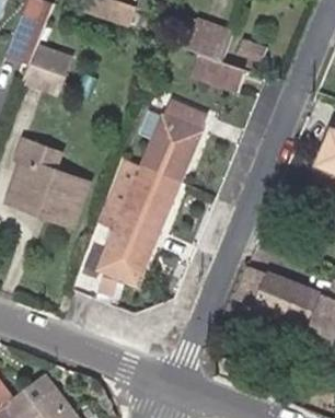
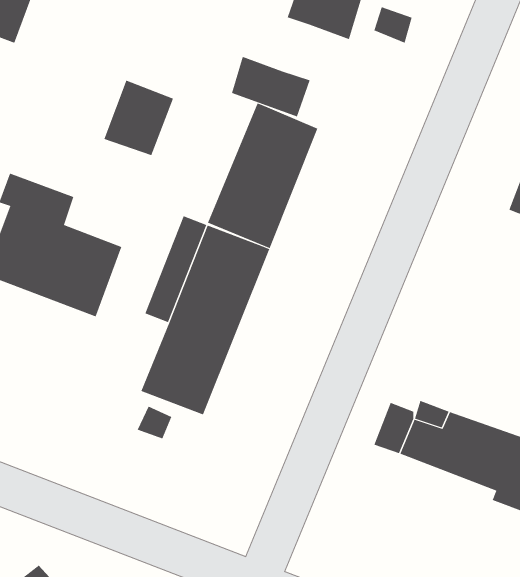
building: [24,49,66,94] -> [104,80,174,156]
building: [195,54,242,90] -> [231,56,311,117]

